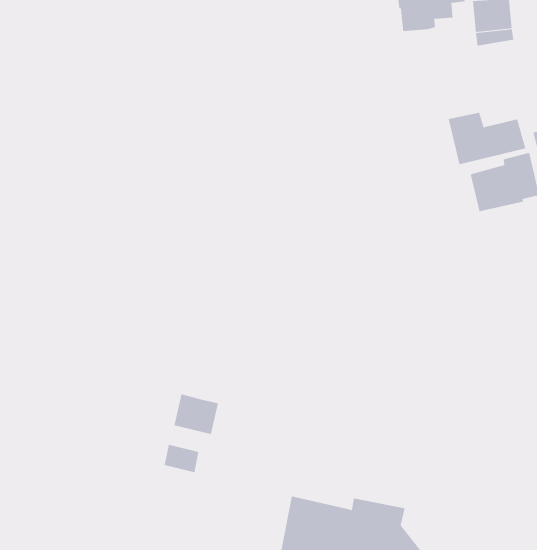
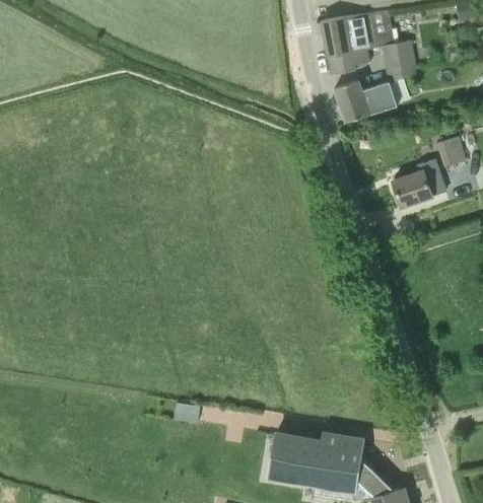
building: [448,112,526,165] -> [335,80,397,122]
building: [174,394,219,435] -> none

